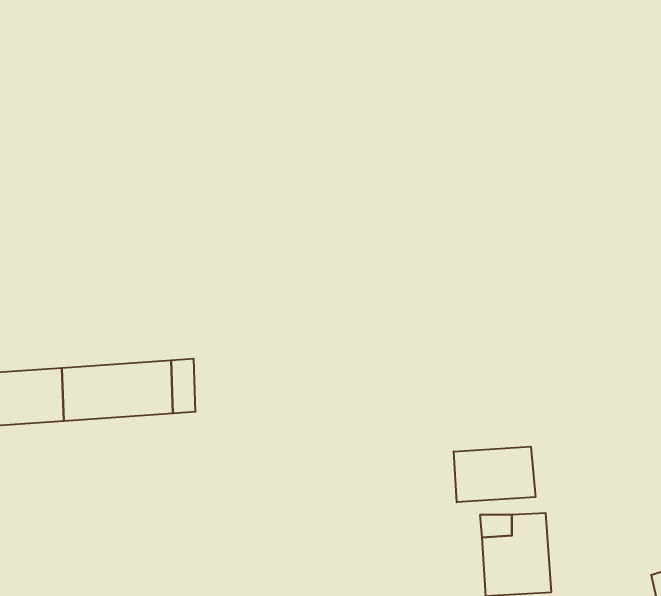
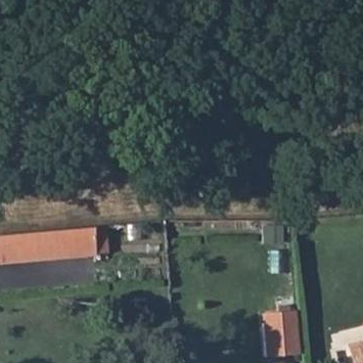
building: [454,447,536,502] -> none

